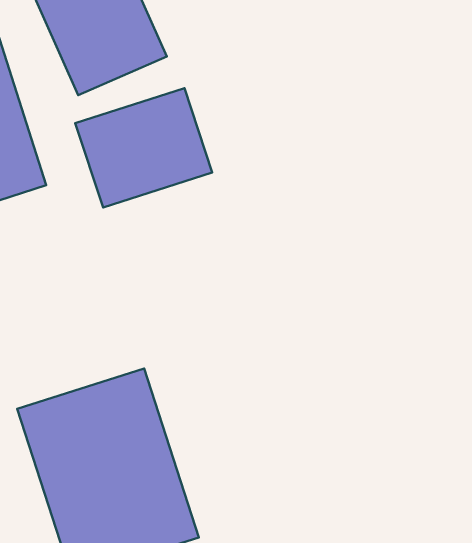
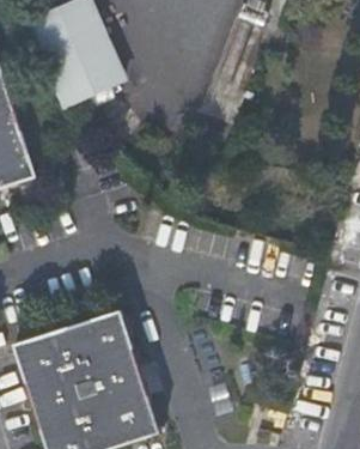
building: [75,88,212,208] -> none

